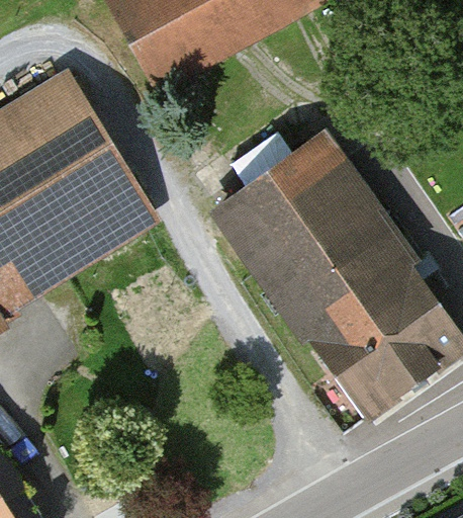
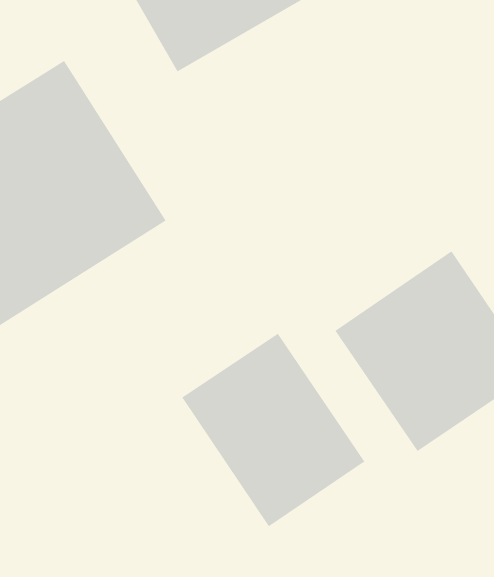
building: [221,133,391,303] -> none
building: none -> [182,333,365,527]

